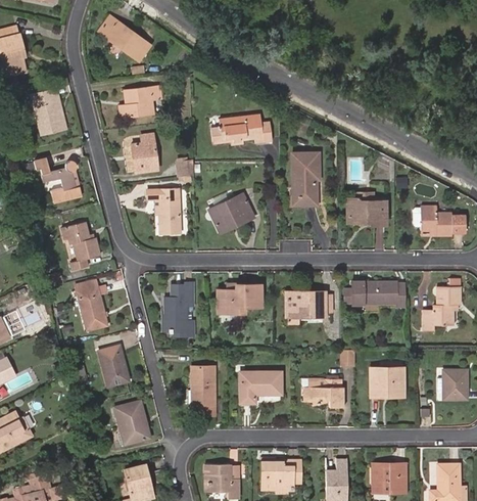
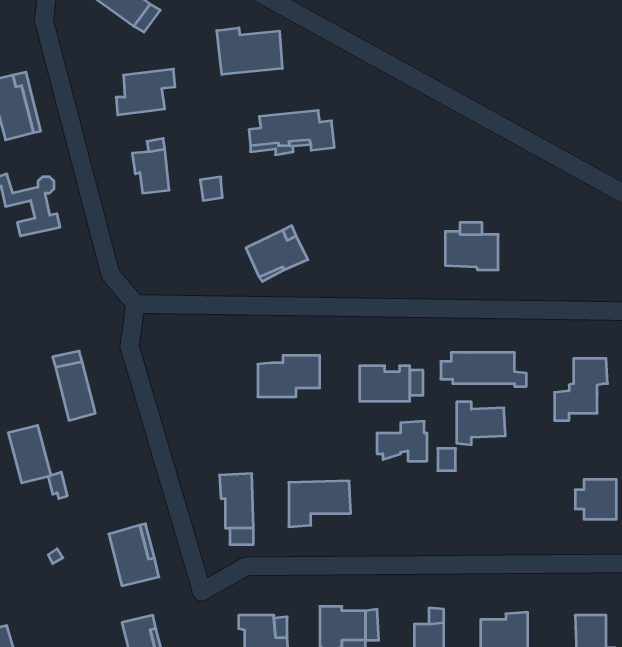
building: none -> [217,28,282,75]
building: [289,153,319,204] -> none
building: [147,189,180,234] -> none
building: [413,204,466,236] -> none
building: [62,222,100,270] -> none
building: [165,282,194,334] -> none
building: [99,346,129,385] -> [8,425,51,483]
building: [371,367,404,397] -> [457,402,505,445]
building: [308,378,343,406] -> [377,421,427,461]

